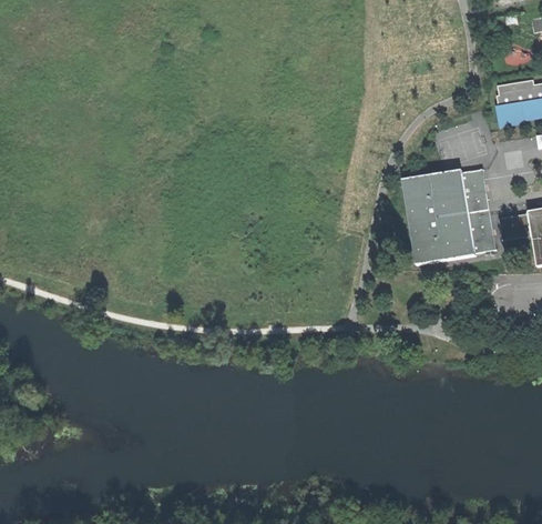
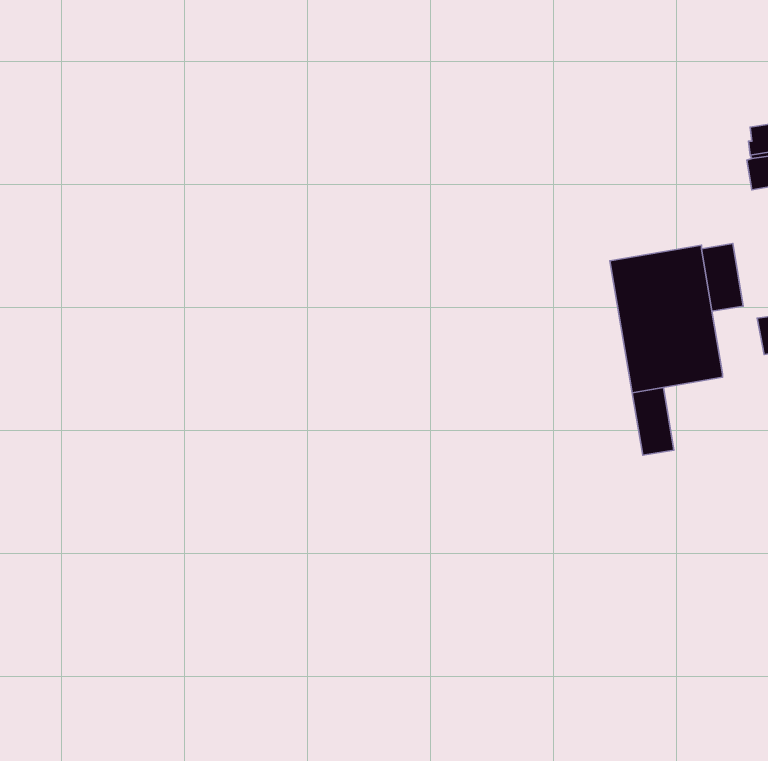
building: [468,208,494,251] -> [632,388,674,455]

